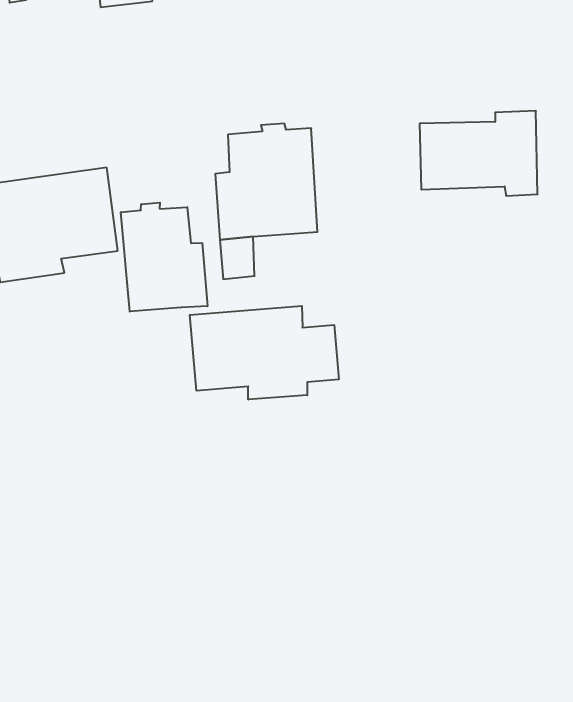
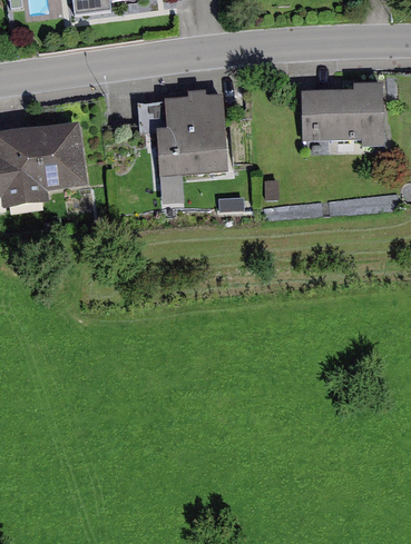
building: [121,203,207,312] -> none
building: [190,306,339,400] -> none

